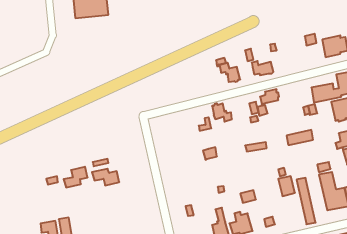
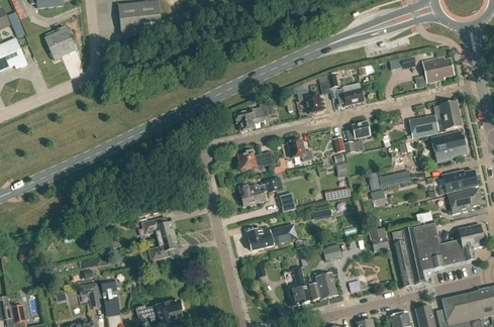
building: none -> [44,27,76,60]
building: none -> [234,101,275,130]
building: none -> [237,150,275,170]
building: none -> [239,178,281,205]
building: [64,167,88,187] -> [149,234,178,259]
building: none -> [402,225,428,284]
building: none -> [248,226,290,250]

